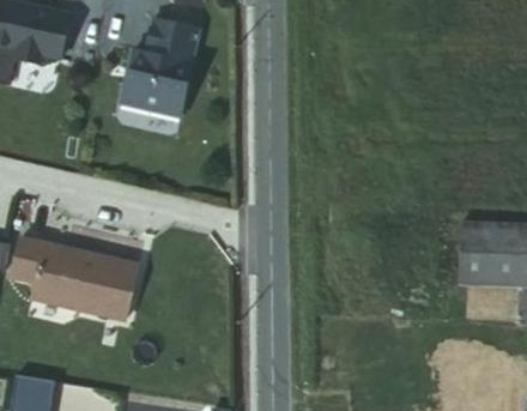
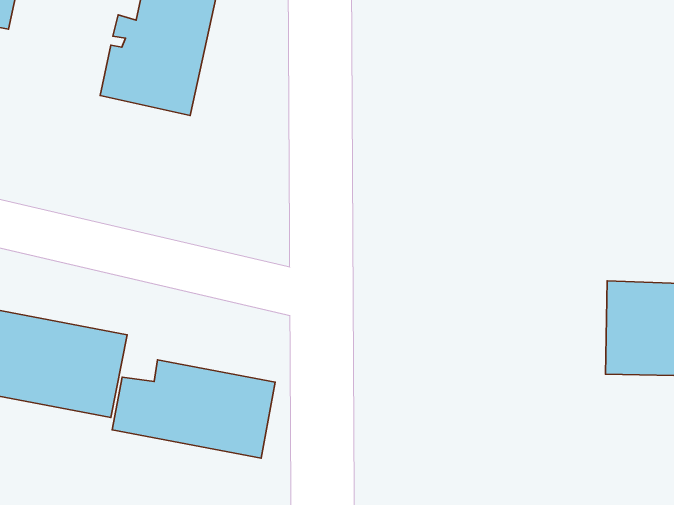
building: none -> [112,360,275,458]

